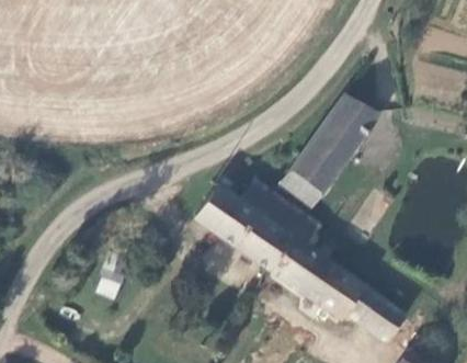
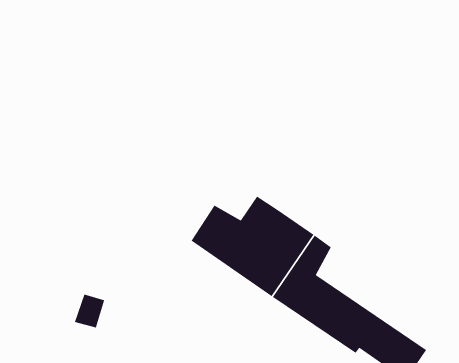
building: [282,93,377,205] -> none

